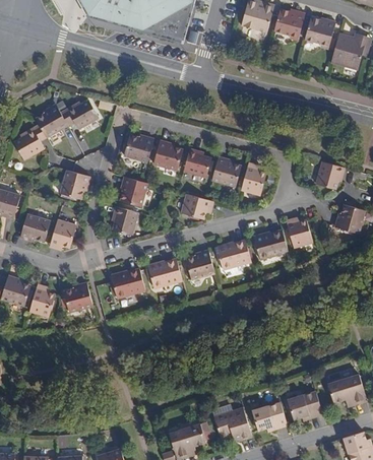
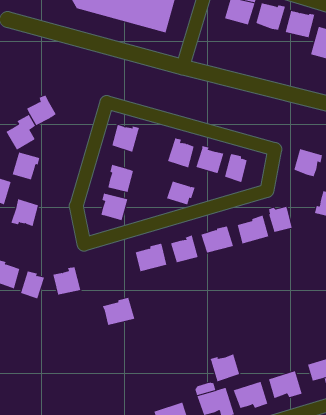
building: [60,101,100,131] -> none
building: [153,140,182,170] -> none
building: [60,170,89,199] -> [12,152,40,180]
building: [50,218,76,247] -> none
building: [111,268,145,298] -> [102,297,135,326]
building: none -> [210,354,240,382]

